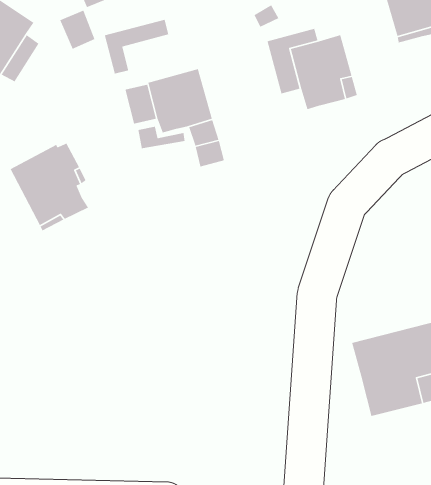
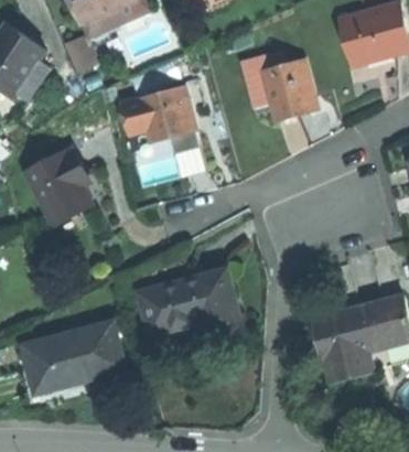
building: [104,19,169,74] -> none
building: none -> [139,269,238,338]
building: none -> [23,323,122,390]

